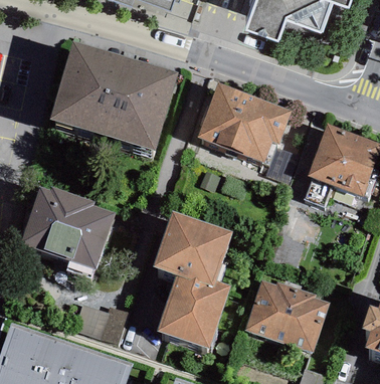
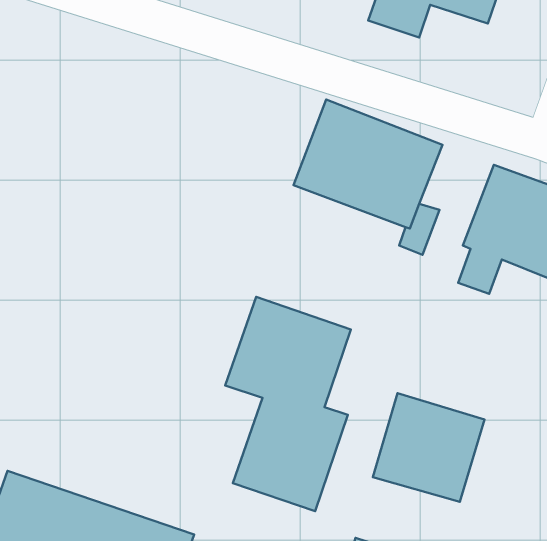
building: [48,43,179,153] -> none
building: [20,187,117,279] -> none

